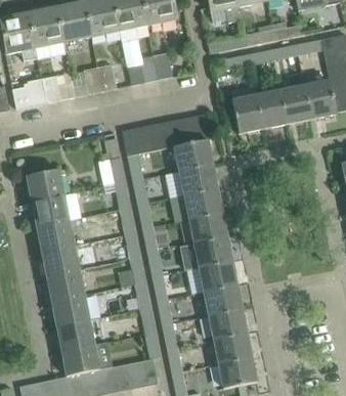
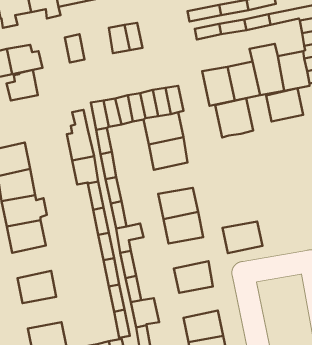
building: [72,67,102,96] -> [6,70,38,100]
building: none -> [266,88,303,121]
building: none -> [215,98,253,138]
building: [184,188,222,219] -> none
building: [199,261,237,292] -> [223,222,262,253]
building: [46,269,84,301] -> none
building: [209,309,247,340] -> none
building: [56,319,94,350] -> none

